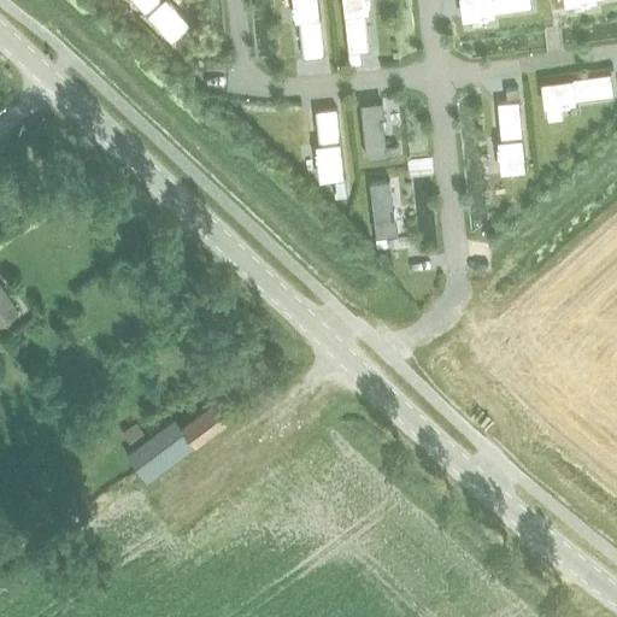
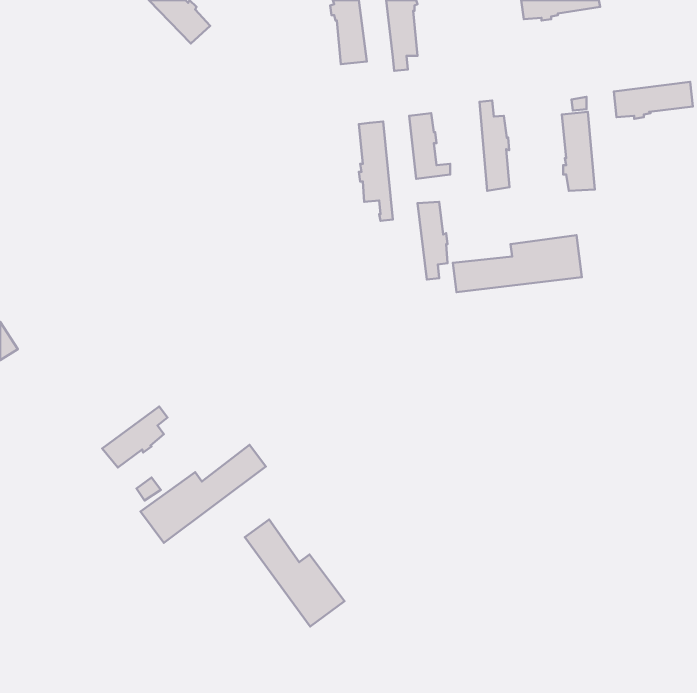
building: none -> [480,101,509,191]
building: none -> [453,235,582,292]
building: none -> [102,407,167,467]
building: none -> [245,519,345,627]

